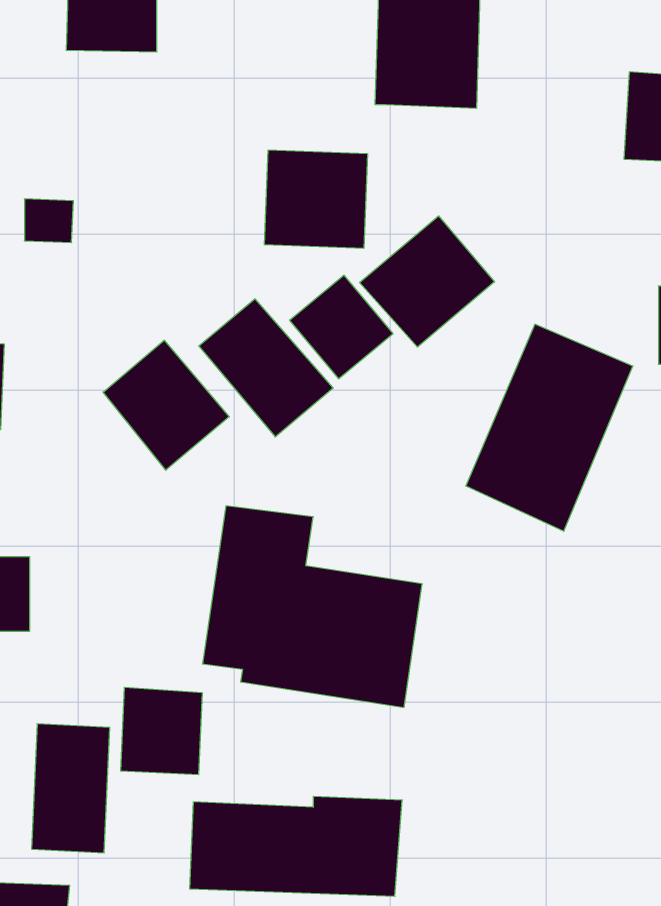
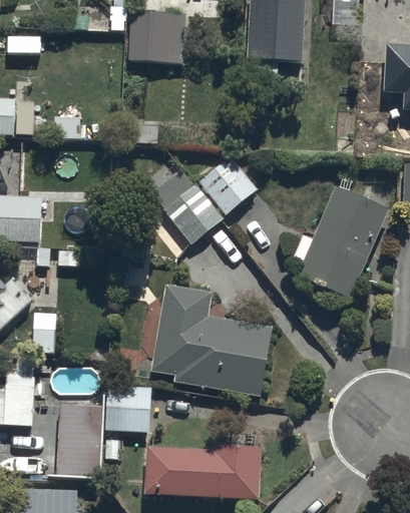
building: [264,150,368,248] -> [127,9,184,63]
building: [360,216,495,347] -> none
building: [103,340,229,470] -> none

